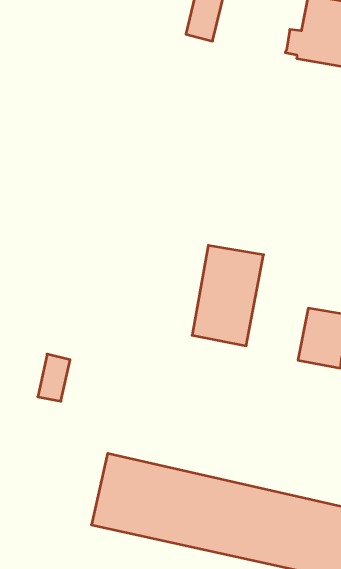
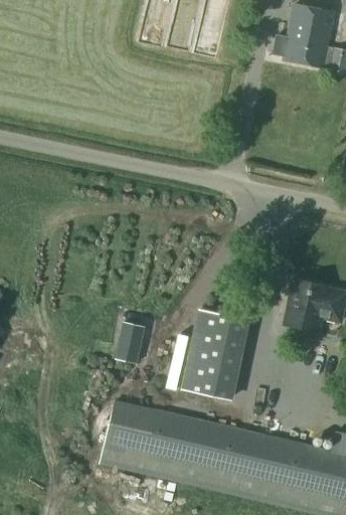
building: [192,245,264,346] -> [184,310,246,397]
building: [38,354,70,401] -> [117,320,145,361]

